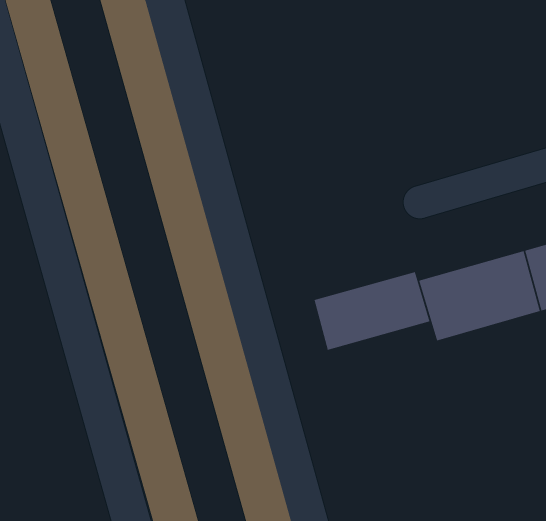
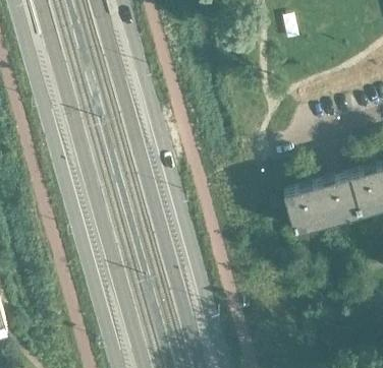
building: [314,271,430,351] -> none

